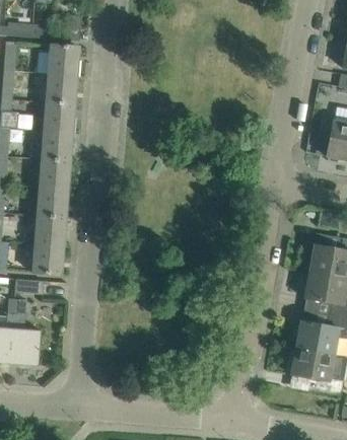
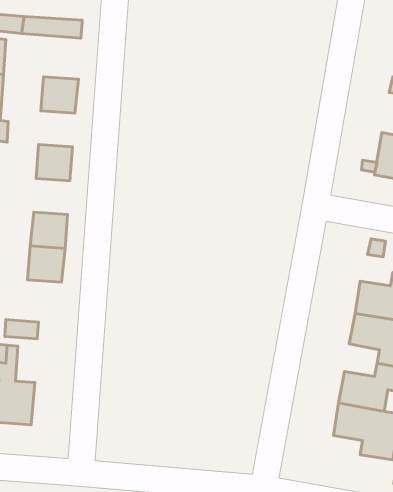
building: [48,46,79,76] -> none
building: [44,102,74,133] -> none
building: [40,159,70,190] -> none
building: [32,244,63,275] -> none

